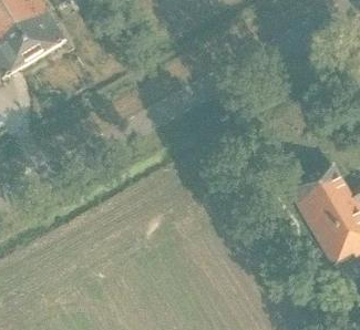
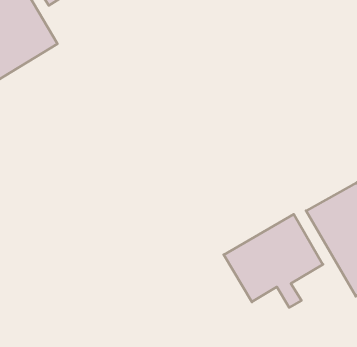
building: none -> [224,214,323,307]

